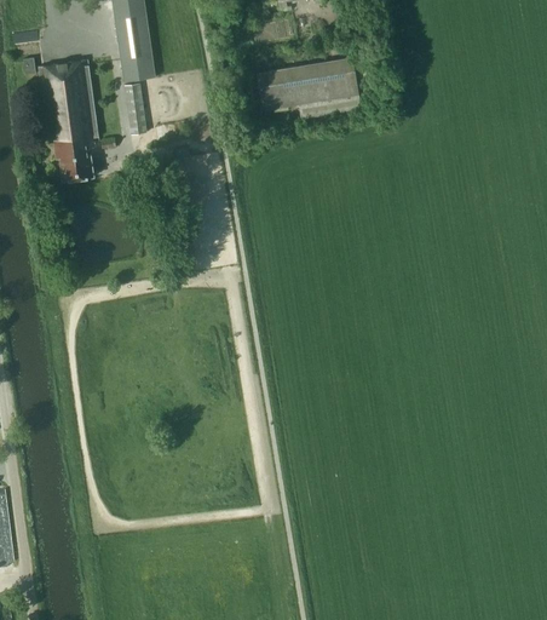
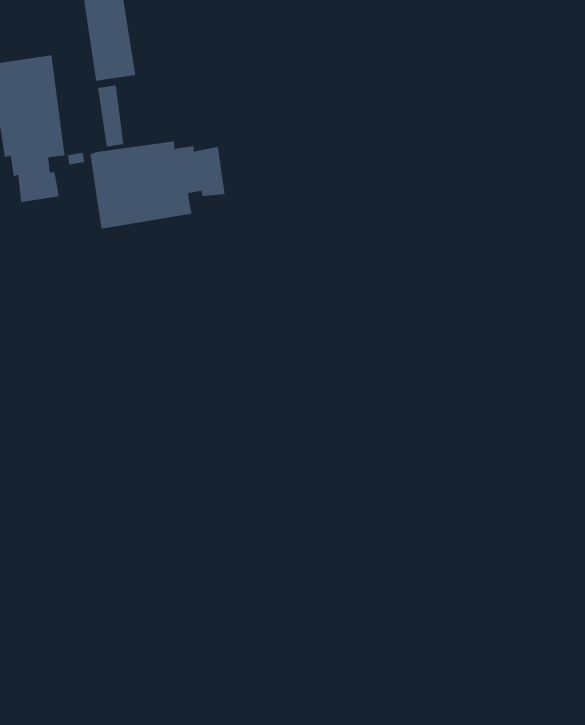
building: [257,56,362,119] -> none
building: none -> [90,141,225,230]

